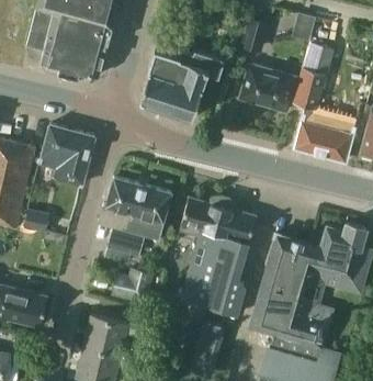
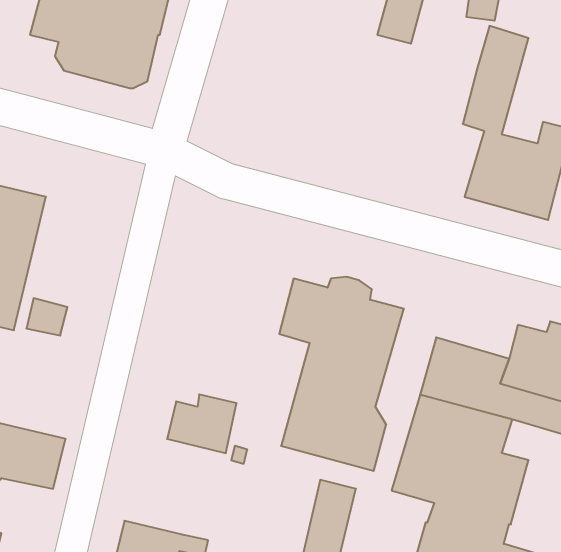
building: [139,41,224,117] -> none
building: [238,65,295,112] -> none
building: [38,124,94,187] -> none
building: [98,178,171,256] -> none
building: [83,316,143,356] -> none

